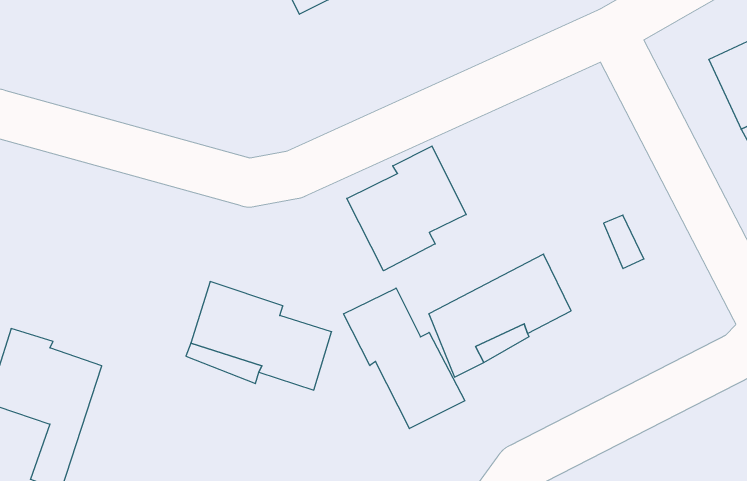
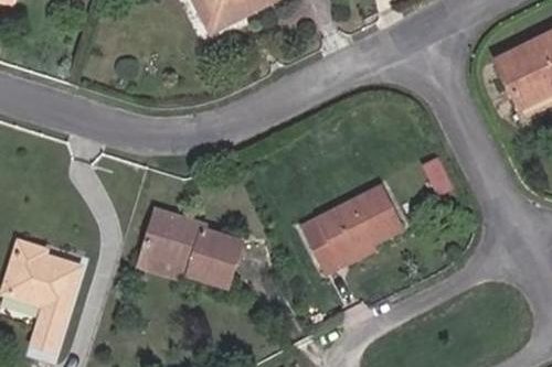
building: [347,146,466,271] -> none
building: [344,288,465,429] -> none

